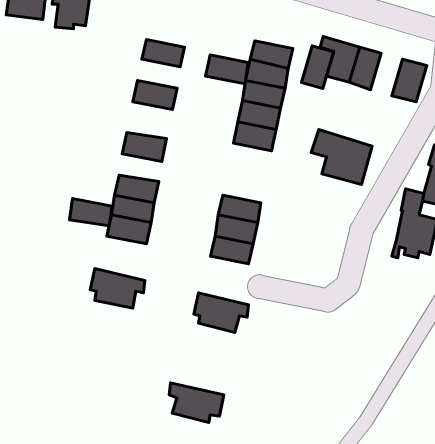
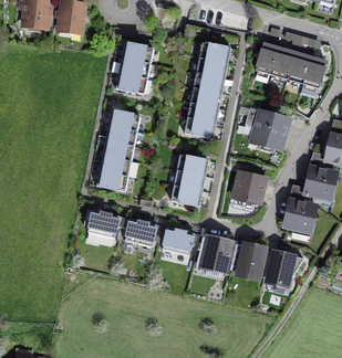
building: [301,46,333,88] -> [288,53,311,84]
building: [205,55,248,84] -> [118,57,149,78]
building: none -> [185,118,216,140]
building: [69,198,112,226] -> [105,126,136,146]
building: none -> [234,171,266,203]
building: none -> [284,185,317,234]
building: none -> [201,236,234,276]
building: none -> [238,244,266,276]
building: none -> [268,252,301,283]
building: [169,383,224,422] -> [123,218,163,246]

